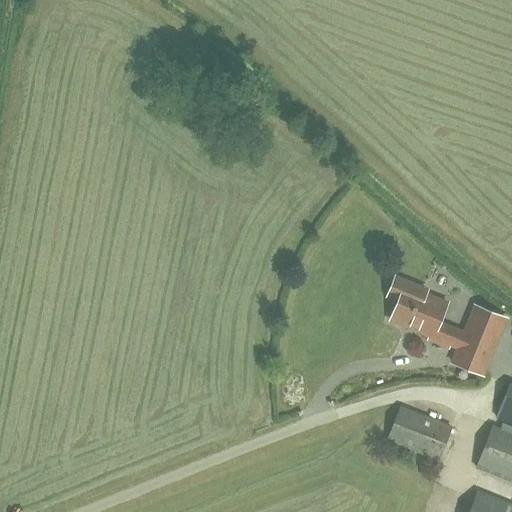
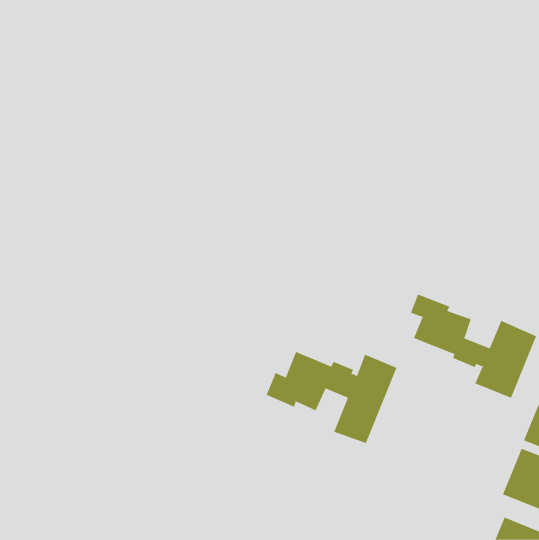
building: none -> [266,351,397,444]
building: [387,405,454,460] -> none

